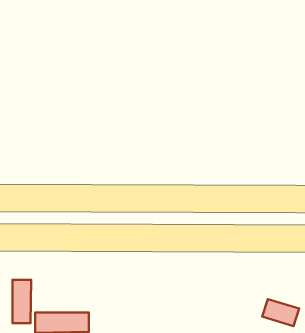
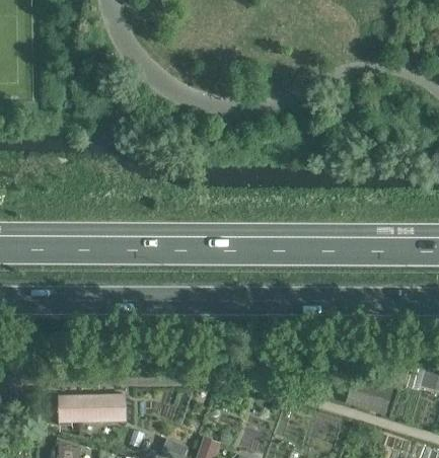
building: [13,280,31,323] -> none

